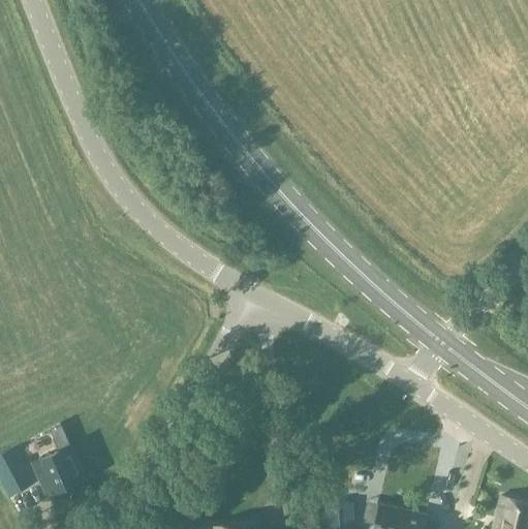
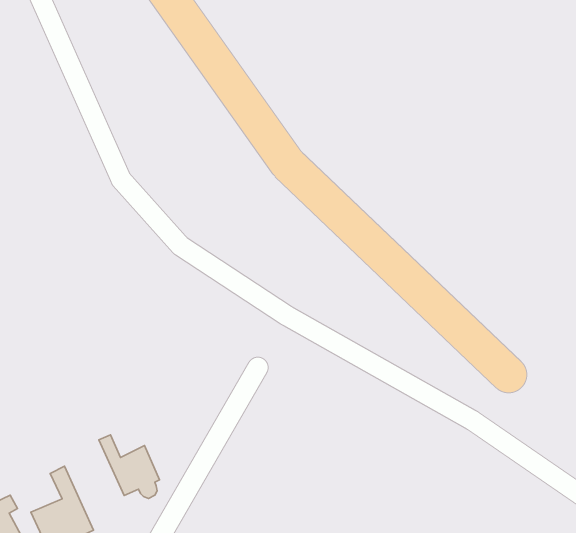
building: none -> [99,435,160,498]

